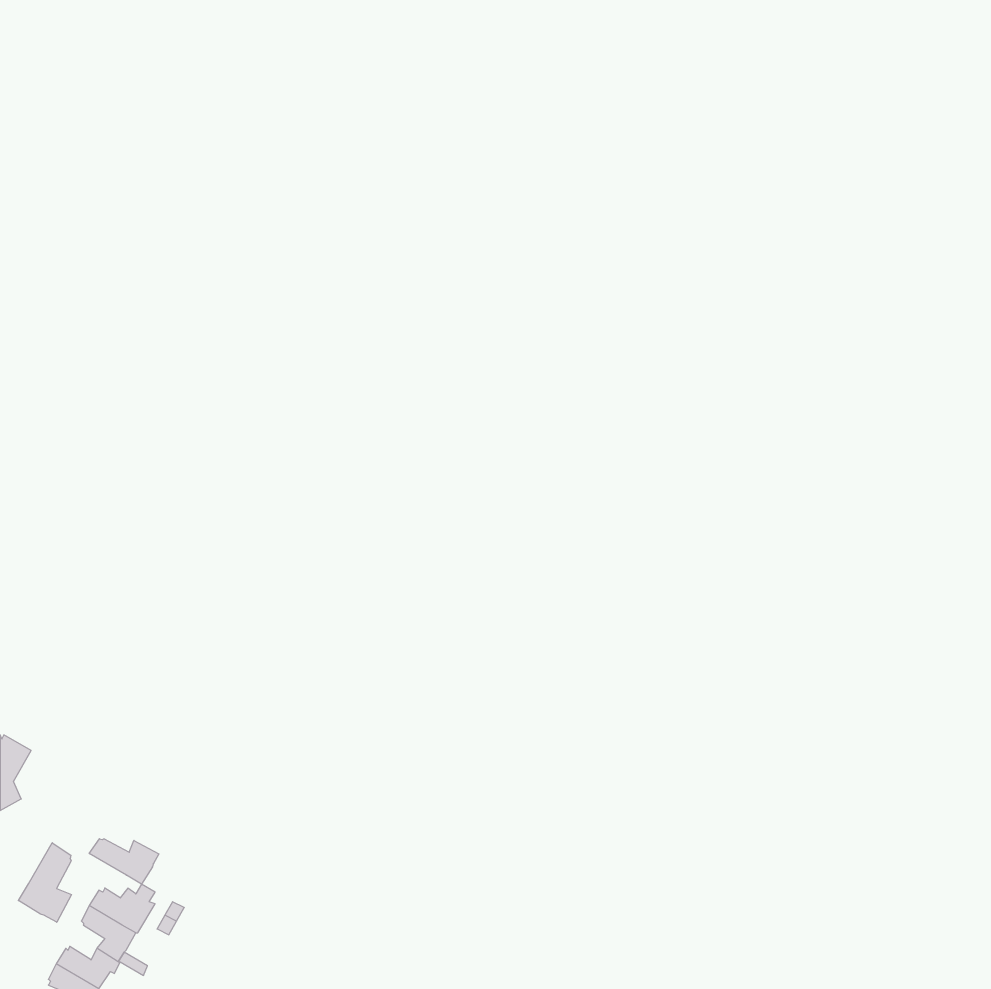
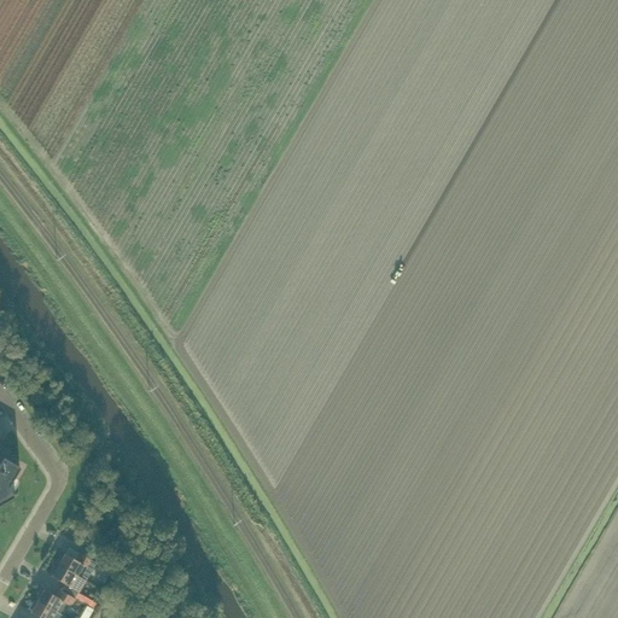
building: [89,839,159,884] -> none
building: [18,843,71,922] -> none

